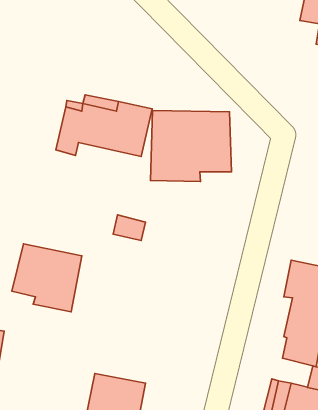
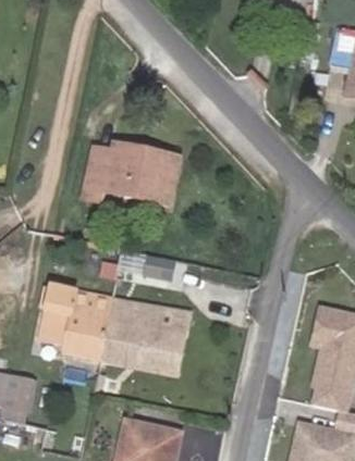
building: [151,111,231,182] -> none
building: none -> [100,301,191,373]

